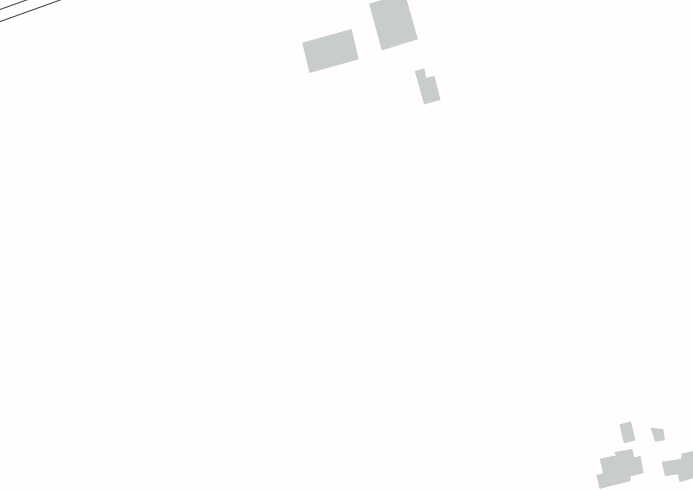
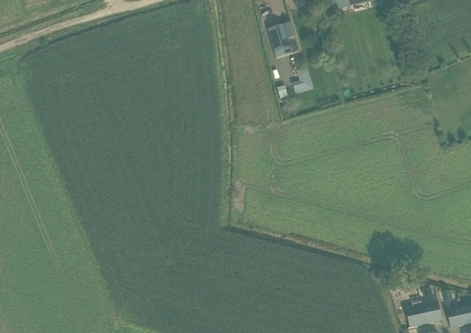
building: [302,28,359,74] -> none

